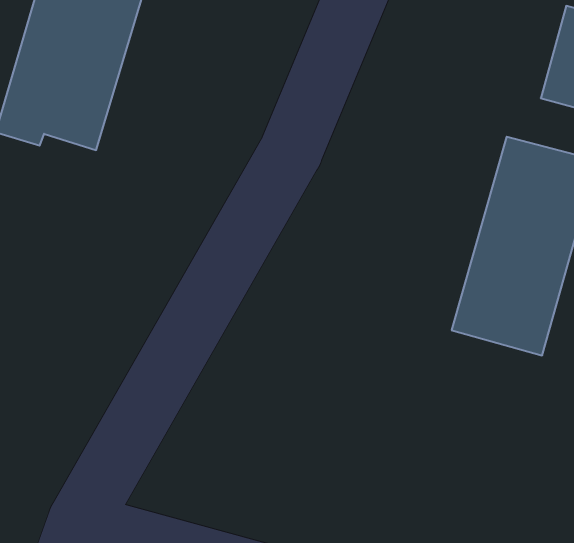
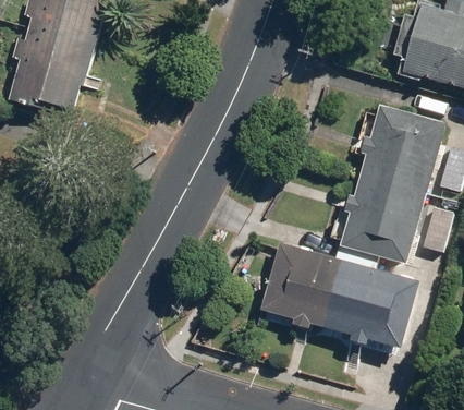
building: none -> [260,242,419,347]

